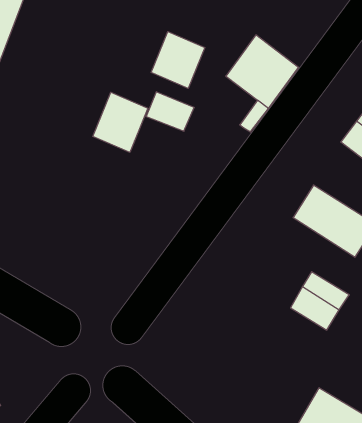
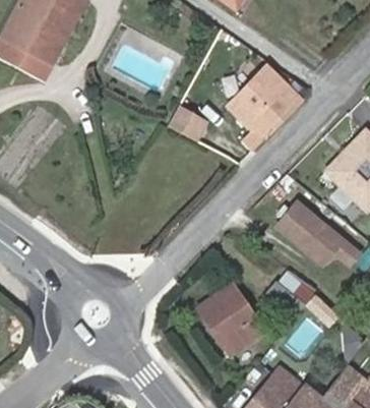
building: [151,32,205,88] -> none
building: [93,92,148,152] -> none
building: none -> [199,285,264,356]

